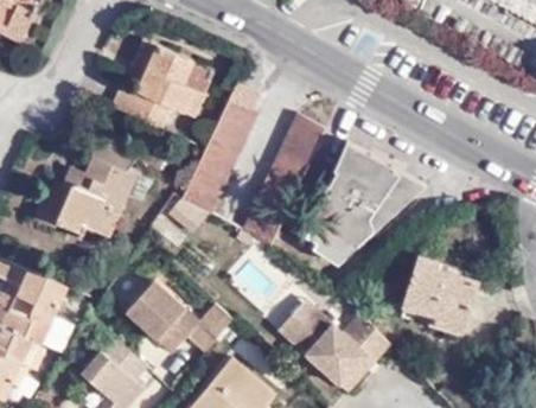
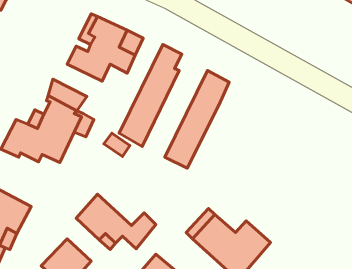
building: [307,146,429,264] -> none
building: [403,259,474,331] -> none

